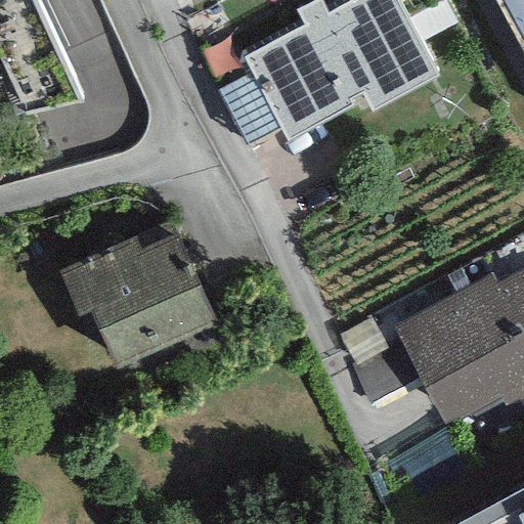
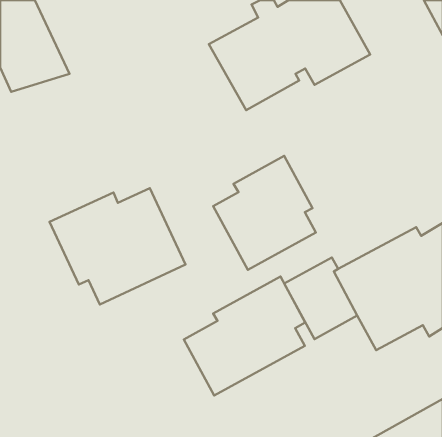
building: none -> [213,156,316,270]
building: none -> [184,276,305,395]

